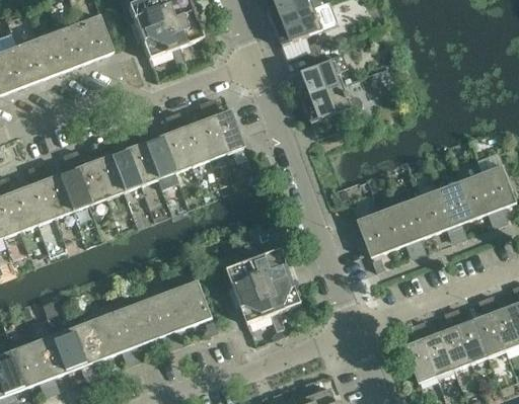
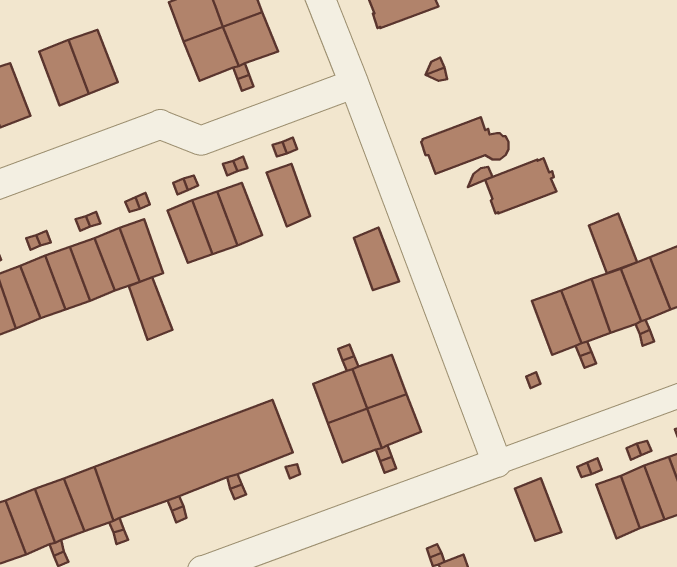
building: [273,6,322,45] -> none
building: [77,14,113,59] -> none
building: [16,37,51,82] -> none
building: [294,60,344,98] -> [485,158,557,213]
building: [212,108,243,152] -> [354,227,399,290]
building: [177,122,209,165] -> none
building: [109,148,140,191] -> [129,277,172,340]
building: none -> [589,214,637,273]
building: [358,211,393,256] -> none
building: [405,338,438,382] -> [515,478,561,541]

